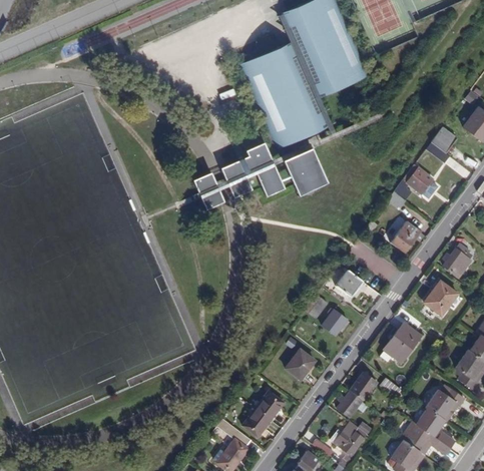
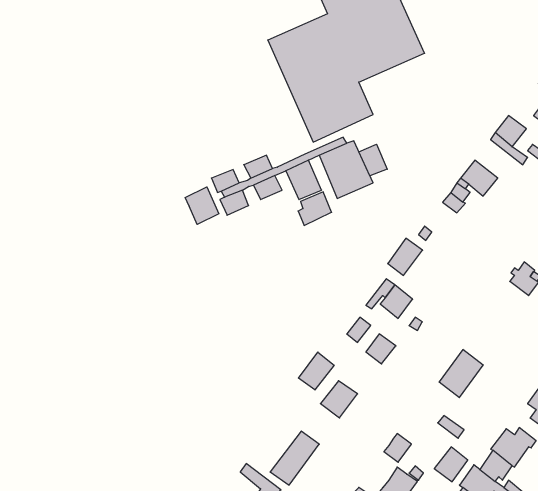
building: [244,142,272,170] -> [298,192,332,225]
building: none -> [359,144,387,176]
building: none -> [185,187,219,224]
building: [392,221,421,253] -> [388,238,423,275]
building: [423,281,457,315] -> none
building: none -> [298,352,334,390]
building: [349,372,377,401] -> [434,447,468,482]

